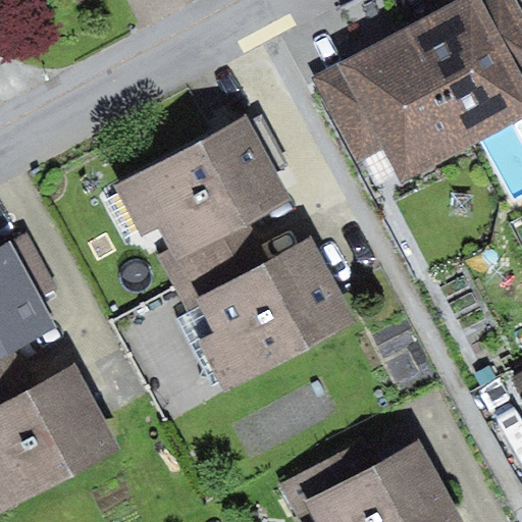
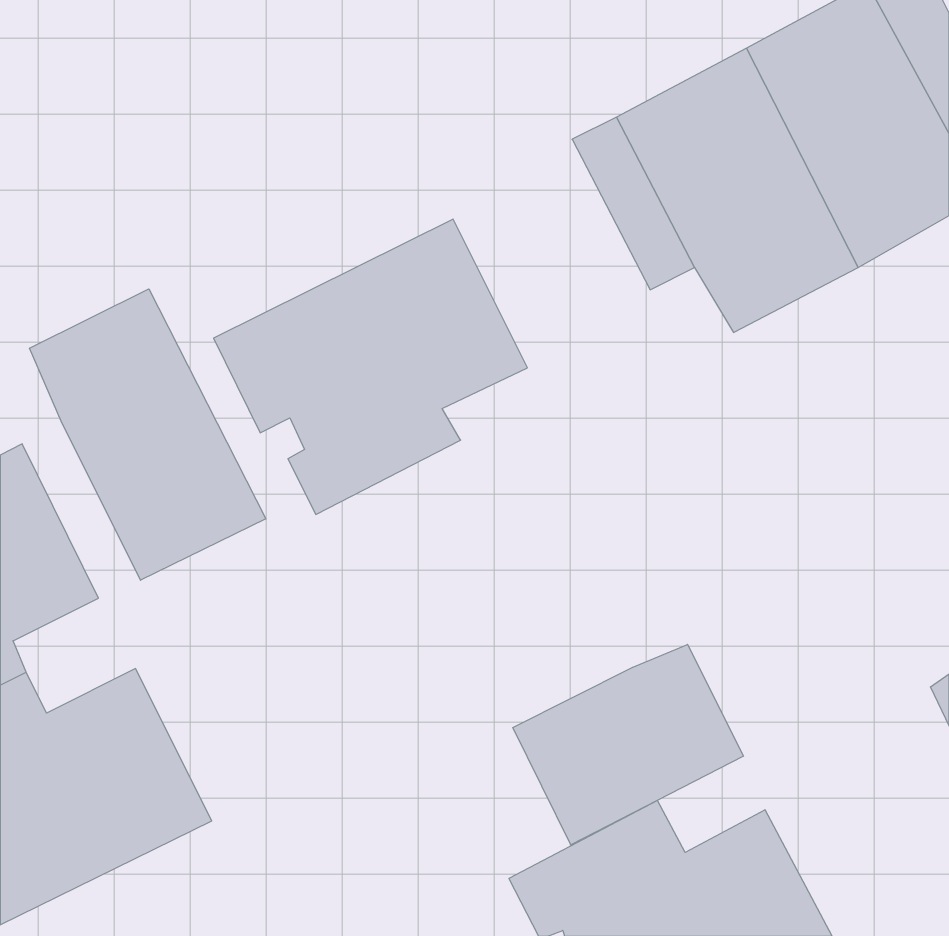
building: none -> [30,289,266,580]
building: [173,242,353,385] -> none
building: none -> [513,644,743,845]

